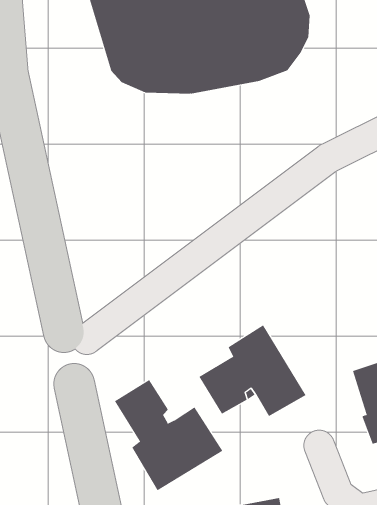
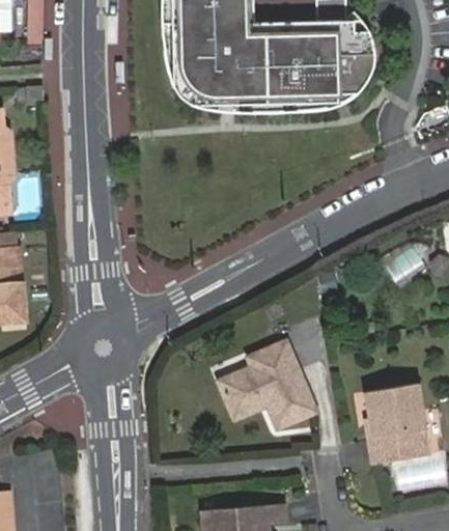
building: [114,379,223,491] -> none

